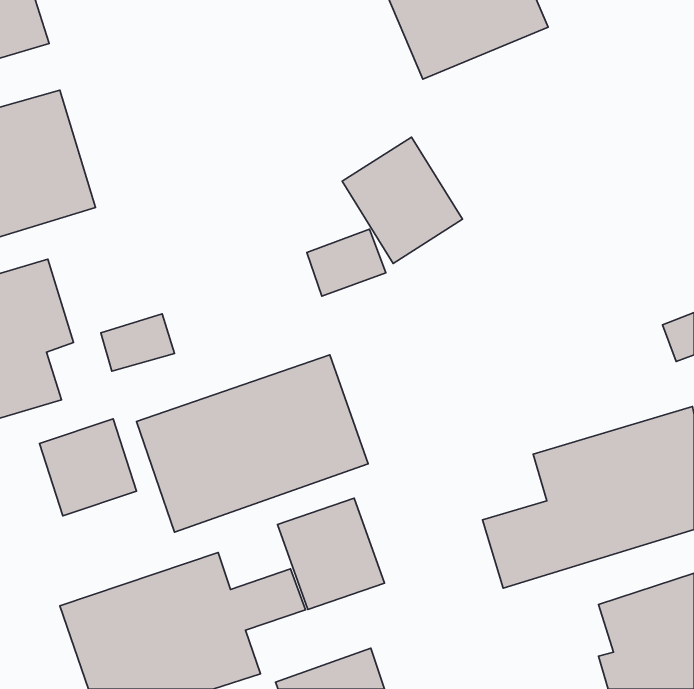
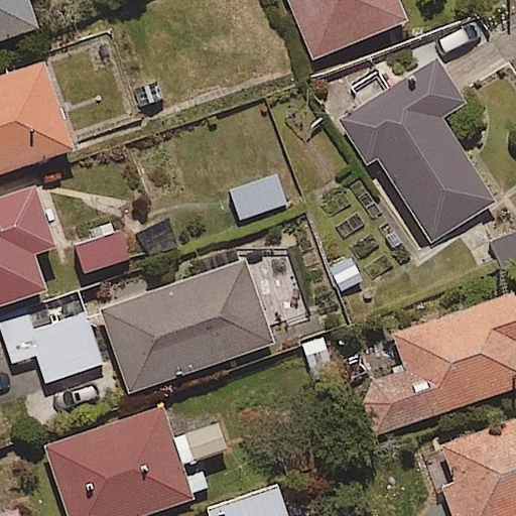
building: none -> [342,62,493,240]
building: [342,137,462,263] -> none
building: [278,498,384,610] -> none

